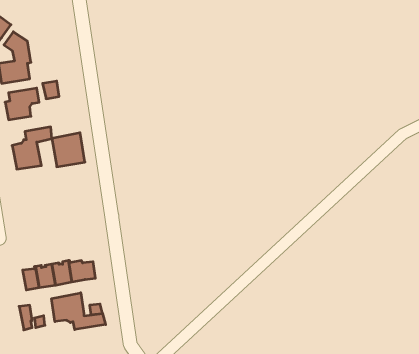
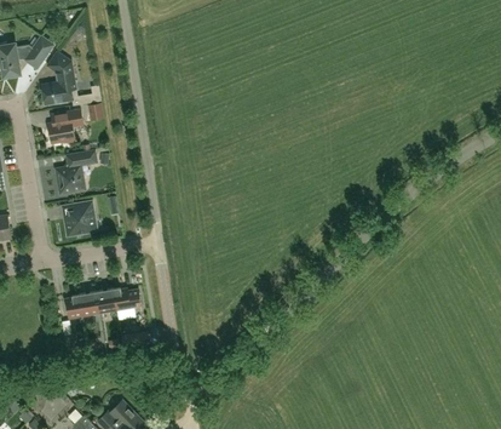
building: [52,133,85,167] -> [62,201,96,236]
building: [52,293,106,330] -> none

